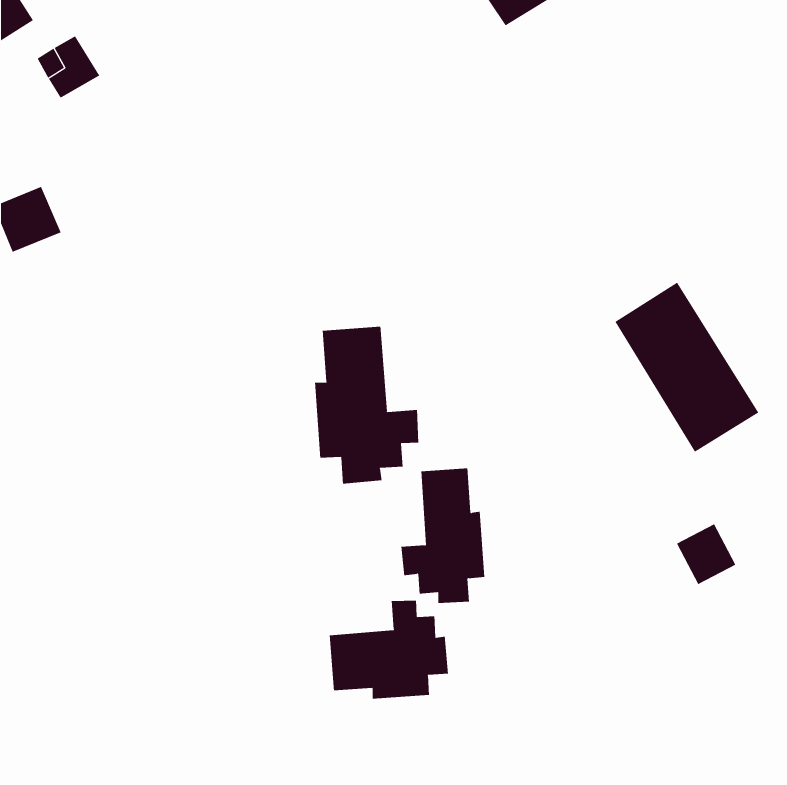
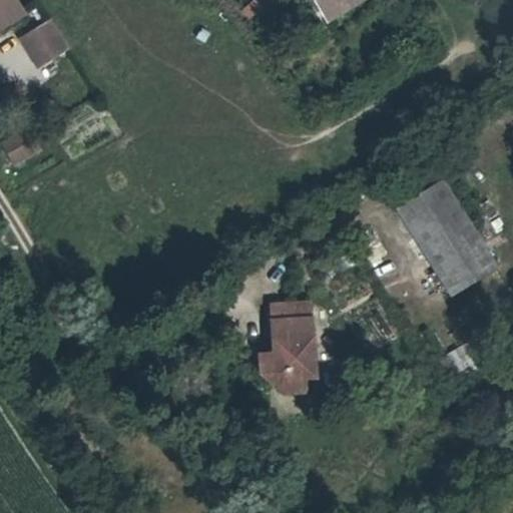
building: [314,326,419,484] -> none
building: [329,600,449,700] -> none

